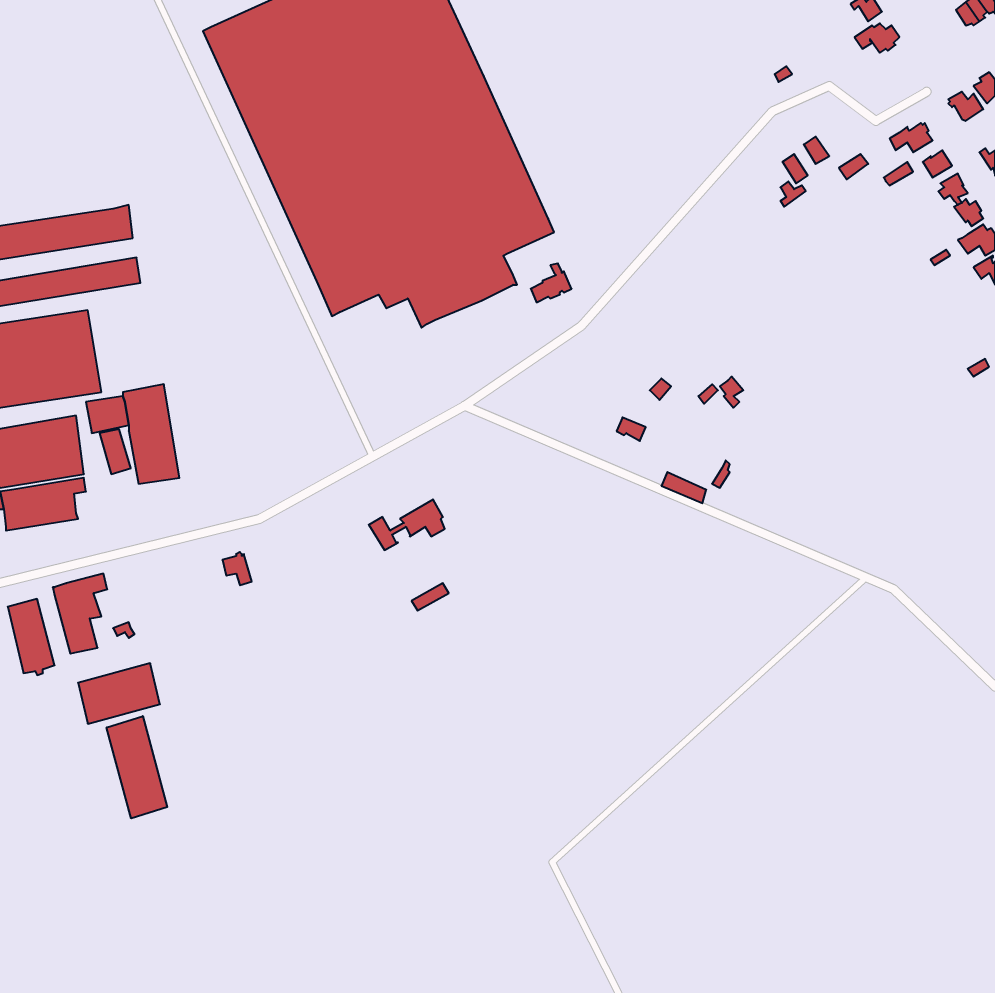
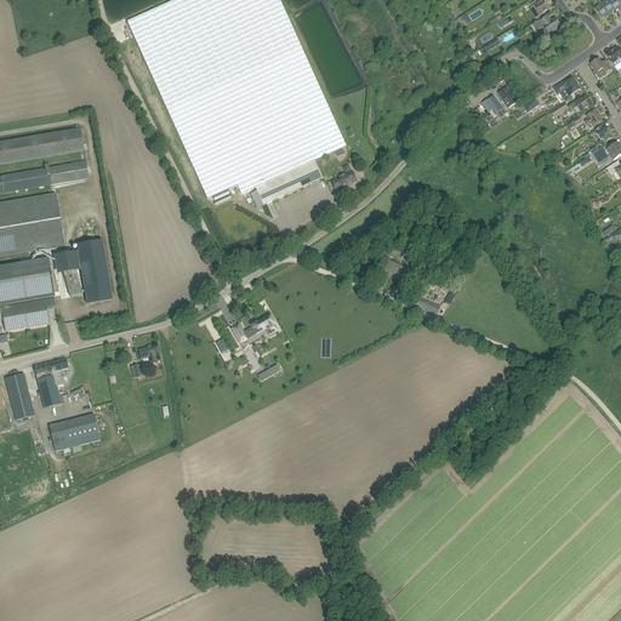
building: [107,716,167,818] -> none

